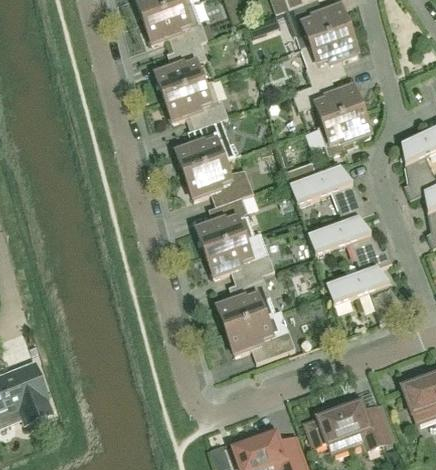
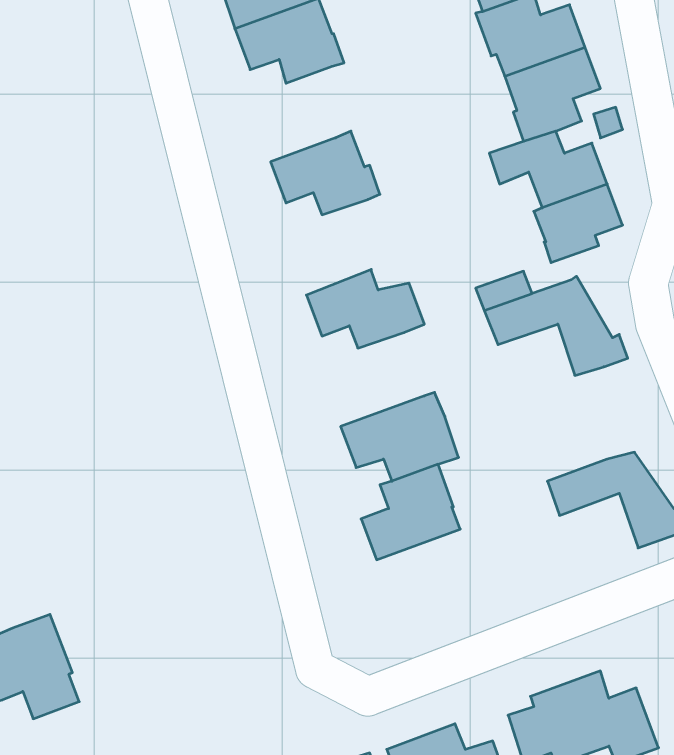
building: [155,40,207,96] -> none
building: [176,118,240,174] -> none
building: [196,196,254,251] -> none
building: [307,216,392,270] -> none
building: [226,309,295,361] -> none

